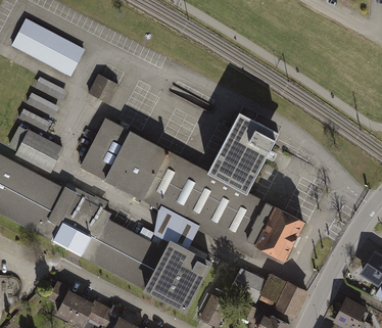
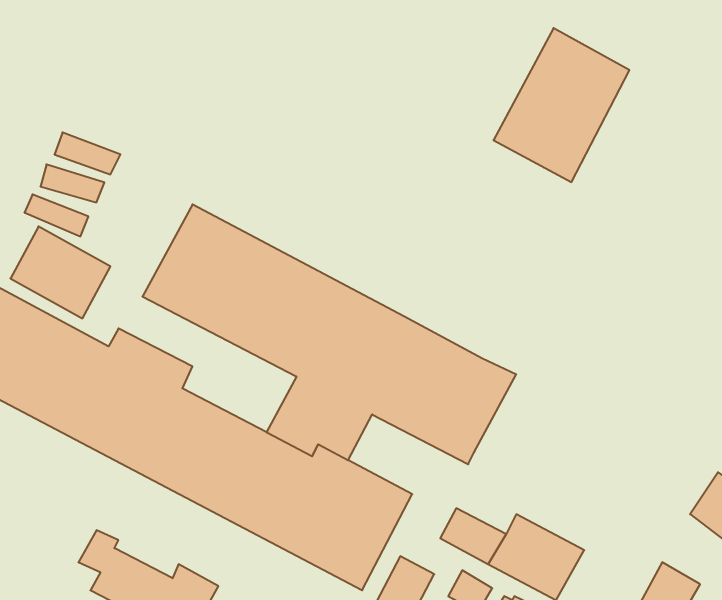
building: [11,17,82,75] -> none
building: [88,75,117,103] -> none
building: [213,114,283,193] -> [493,28,629,182]
building: [249,201,301,257] -> none

